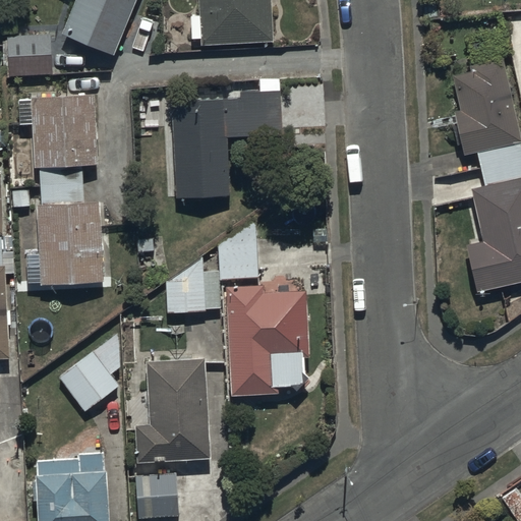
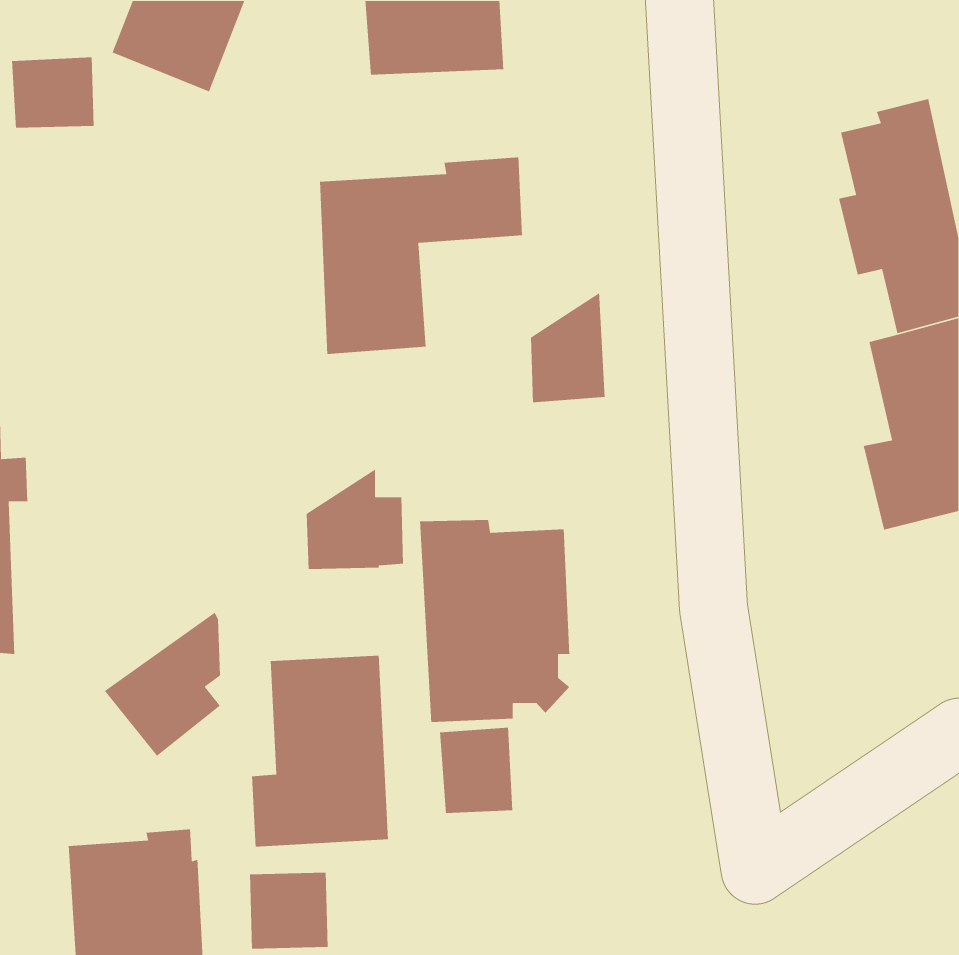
building: [16,94,103,283] -> none
building: [217,220,257,280] -> [530,292,606,403]
building: none -> [439,727,513,814]

